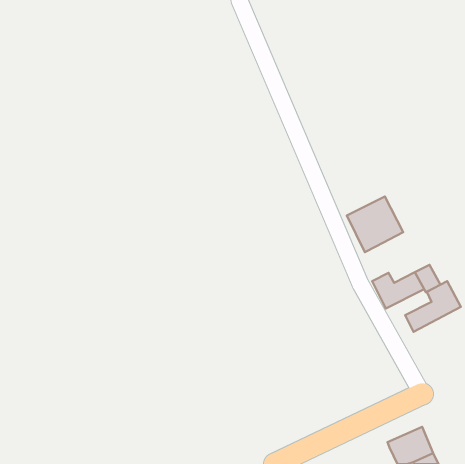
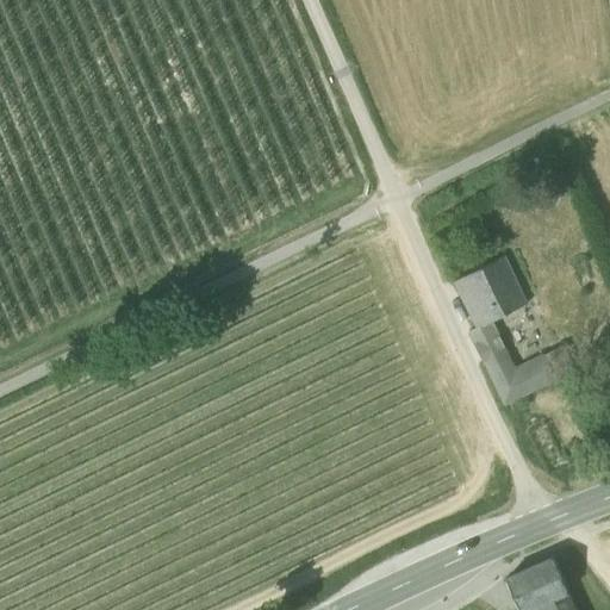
building: none -> [469,323,509,368]
building: [405,281,461,332] -> none

